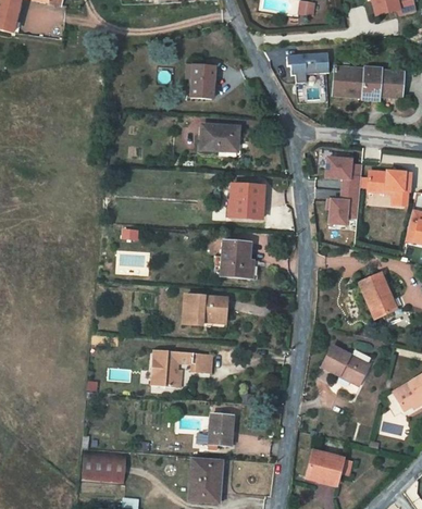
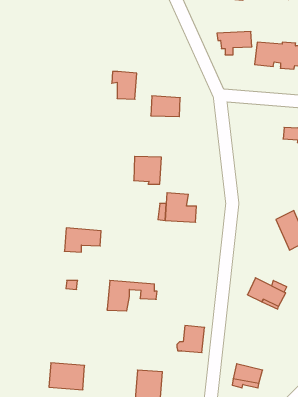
building: [189,66,220,100] -> [112,72,137,99]
building: [324,153,360,221] -> none
building: [234,188,268,222] -> [134,156,161,184]
building: [184,299,228,328] -> [64,228,101,252]
building: [198,417,232,449] -> [177,326,205,353]

